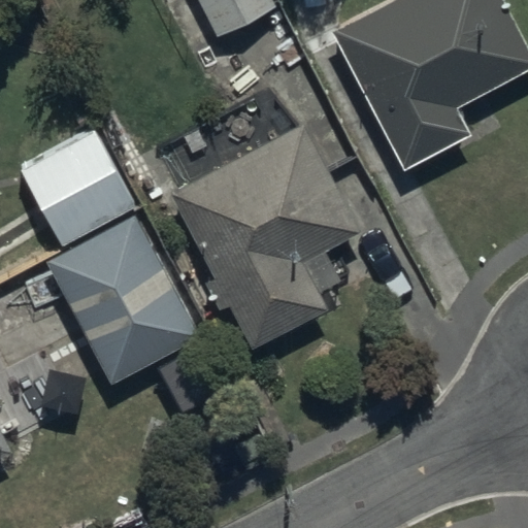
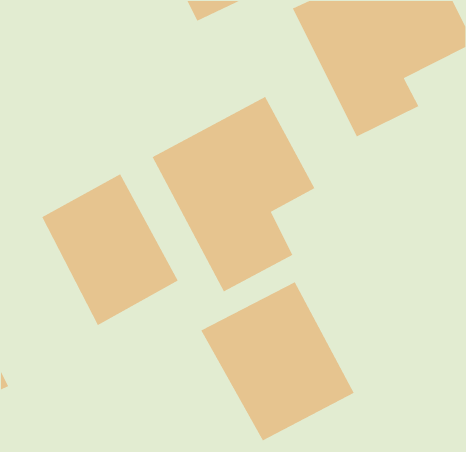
building: [20,131,134,245] -> none
building: none -> [200,281,355,441]

